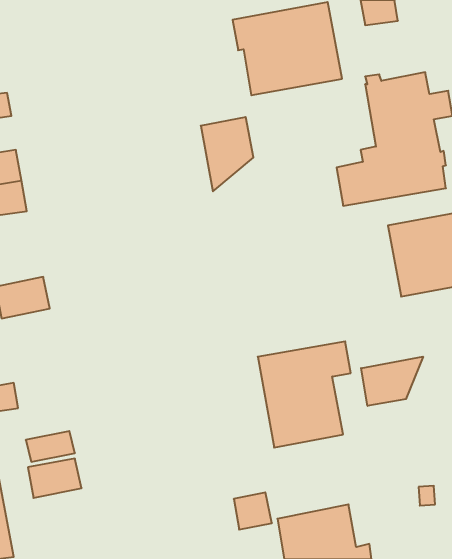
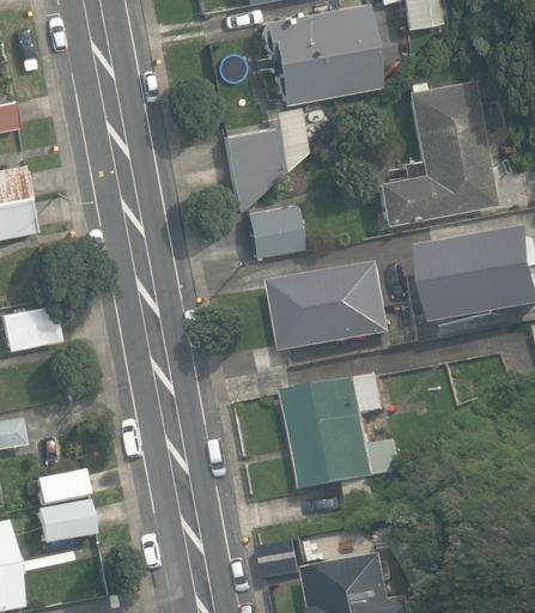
building: none -> [247,204,303,257]
building: none -> [273,260,395,354]
building: [361,357,423,406] -> none

